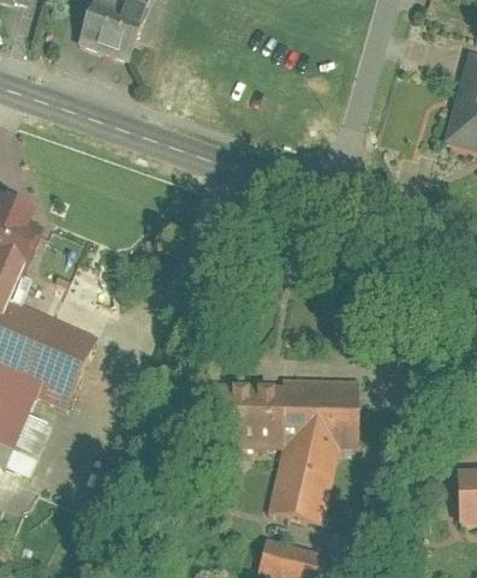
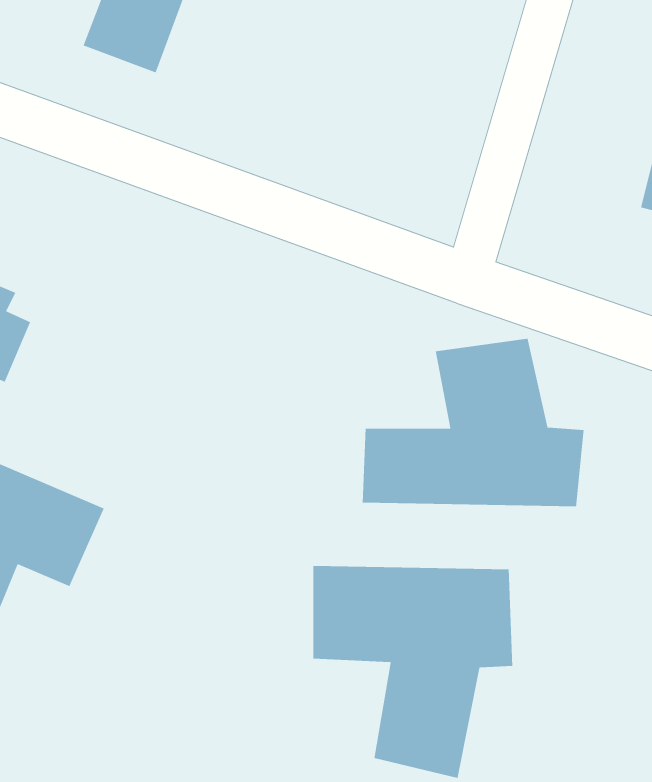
building: none -> [362,338,584,507]

